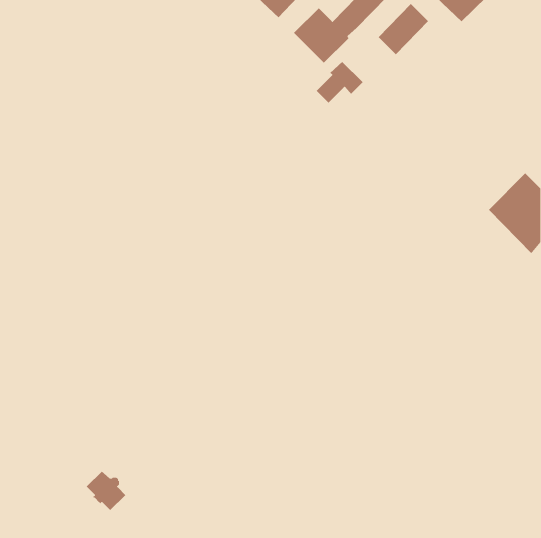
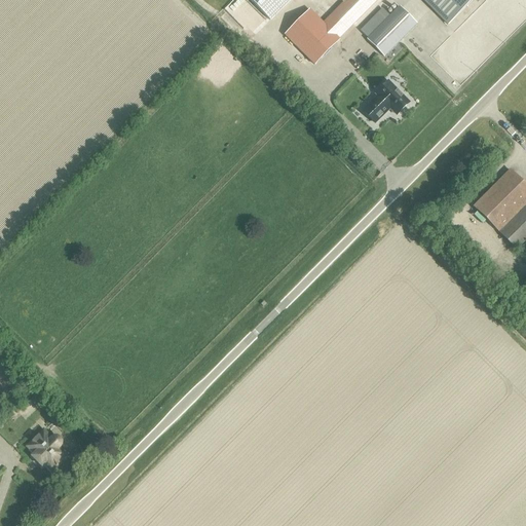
building: [316,61,363,103] -> [362,79,408,120]
building: [86,471,126,511] -> [28,428,67,467]

